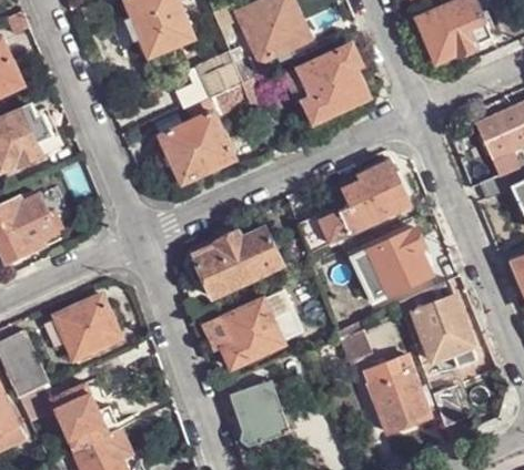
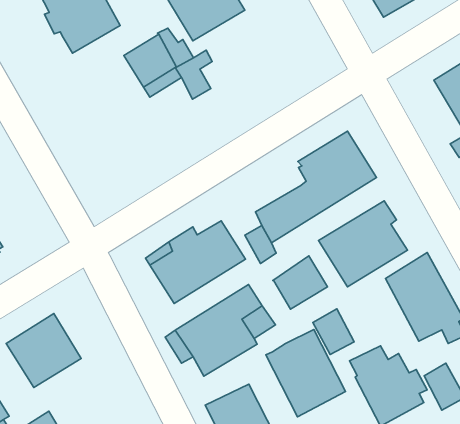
building: [285,44,367,123] -> none
building: [160,113,233,182] -> none
building: none -> [273,256,328,309]
building: none -> [266,329,345,417]

